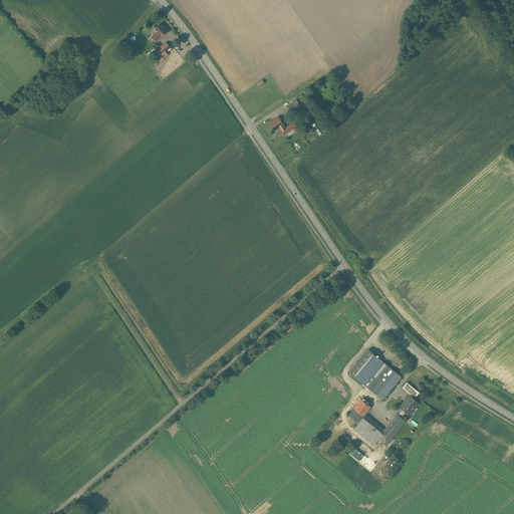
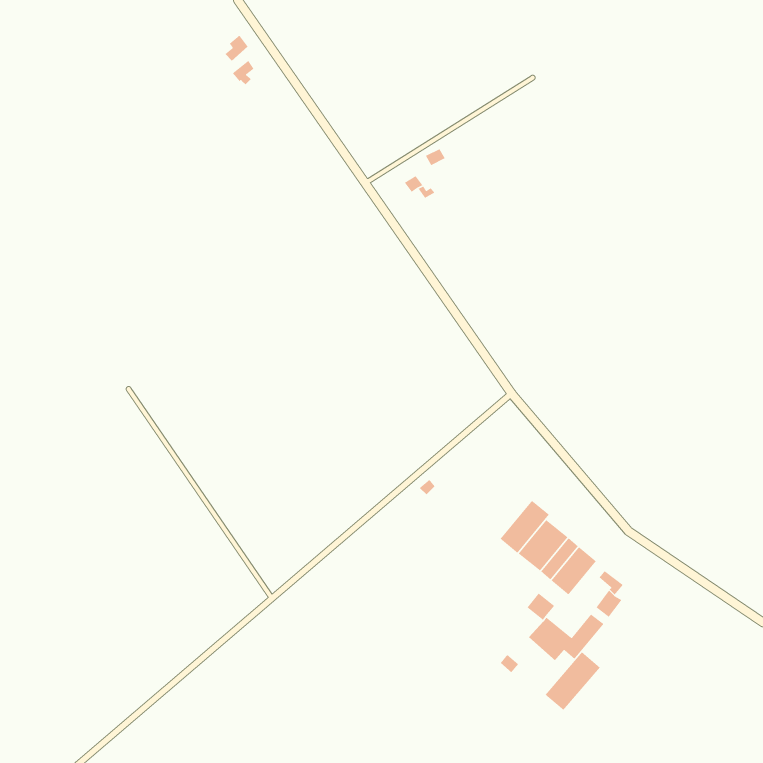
building: none -> [500,500,550,554]
building: none -> [545,651,601,711]

